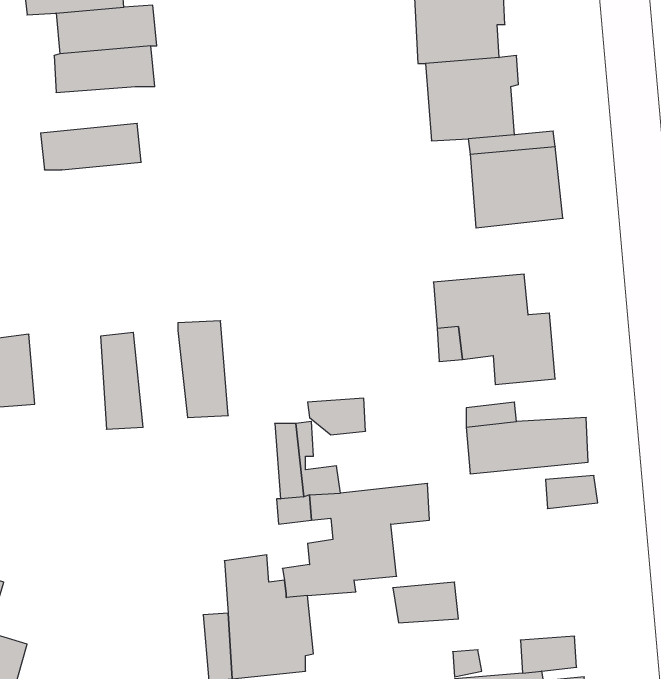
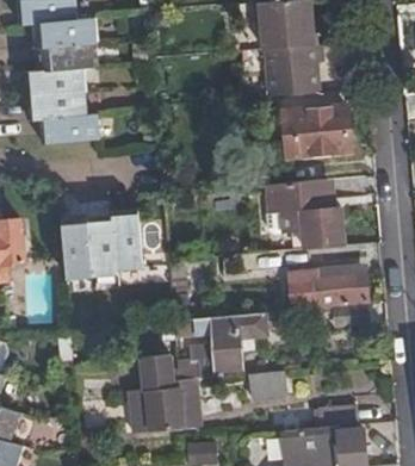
building: none -> [25,67,86,95]
building: none -> [39,113,100,143]
building: none -> [83,217,117,277]

